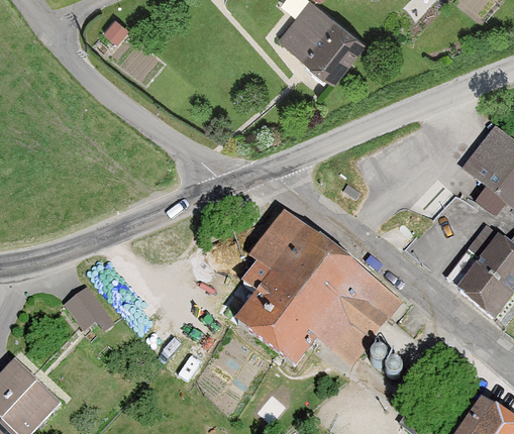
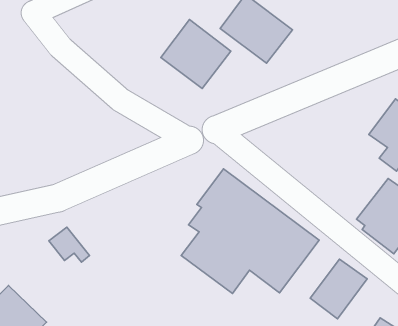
building: none -> [161,19,231,88]
building: none -> [310,259,367,319]

